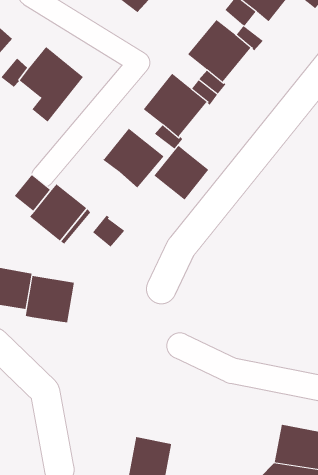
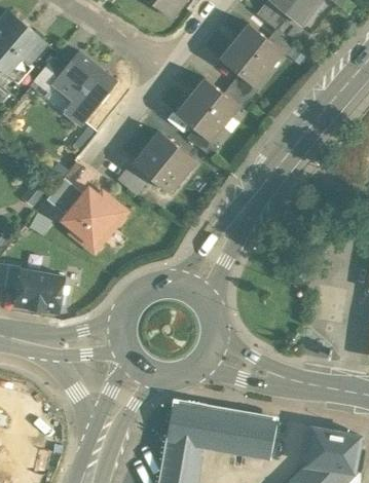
building: [153,145,209,201] -> none
building: [92,214,125,248] -> [118,160,151,193]
building: [25,275,75,323] -> none
building: none -> [168,403,276,459]

